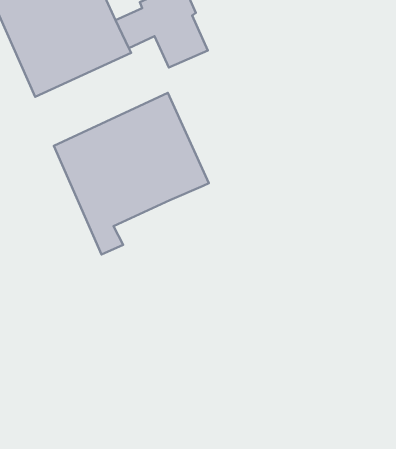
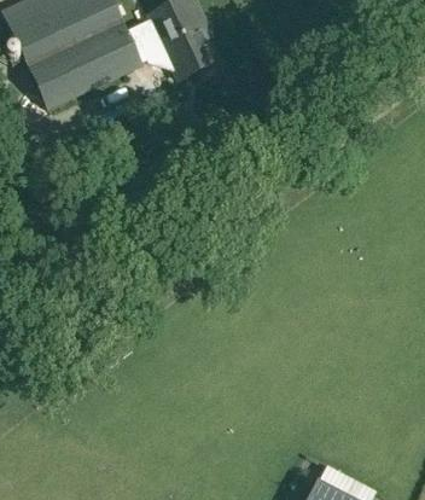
building: [54,93,209,255] -> none

